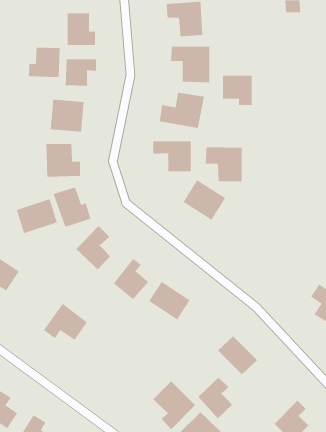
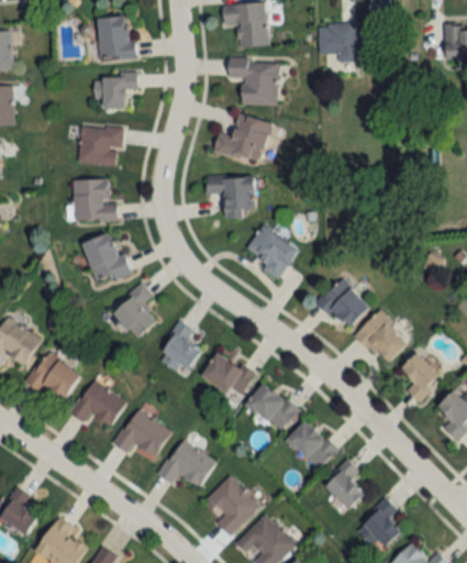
building: [28,47,61,78] -> none
building: [222,75,252,106] -> [319,23,356,62]
building: [205,147,243,182] -> none
building: [16,198,58,234] -> none
building: none -> [316,277,369,330]
building: none -> [354,311,408,365]
building: none -> [24,351,80,398]
building: none -> [245,382,297,431]
building: none -> [112,408,170,457]
building: none -> [157,439,214,486]
building: [197,377,233,419] -> [320,459,364,511]

